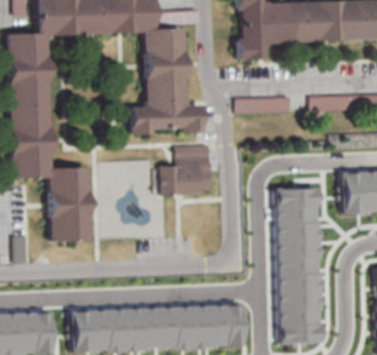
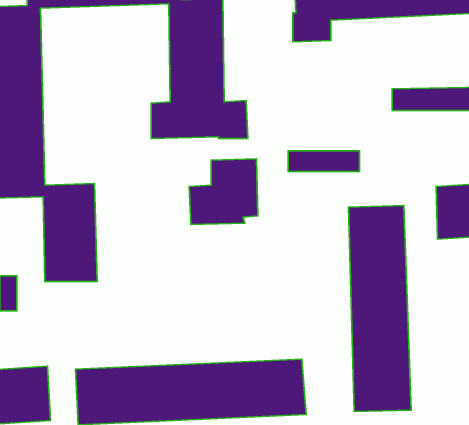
building: [239,99,292,114] -> [288,151,360,171]

